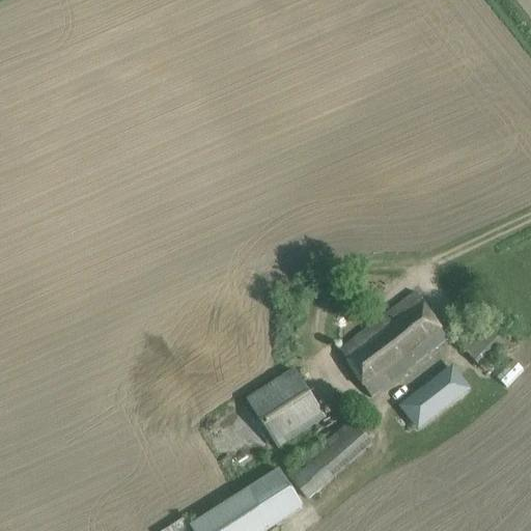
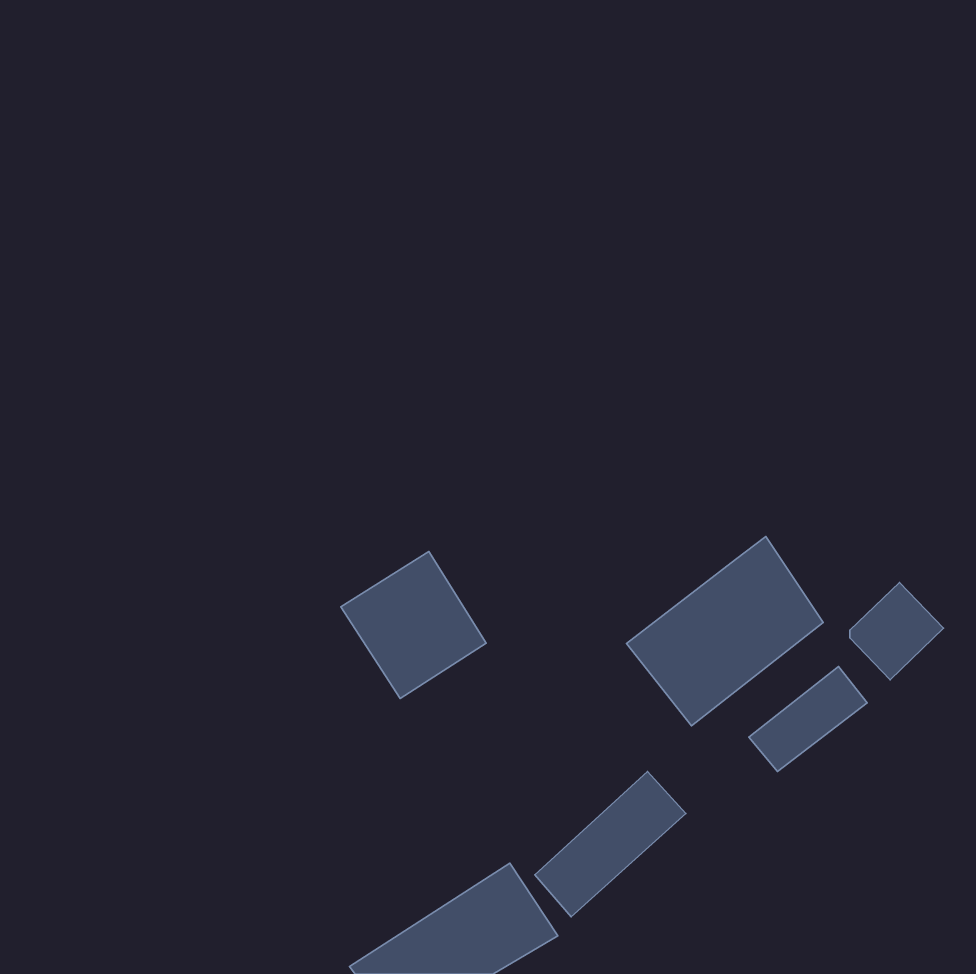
building: [247,368,326,448] -> [341,551,486,698]

